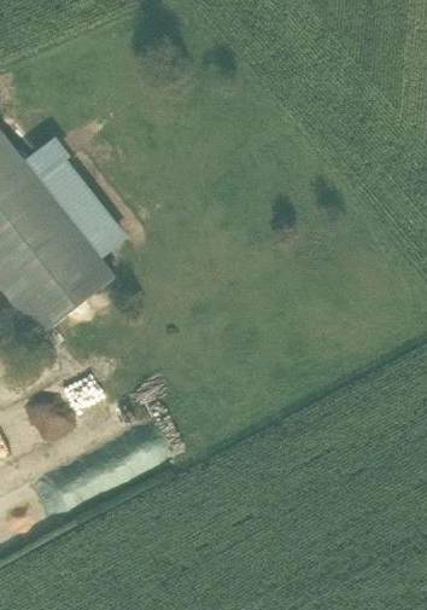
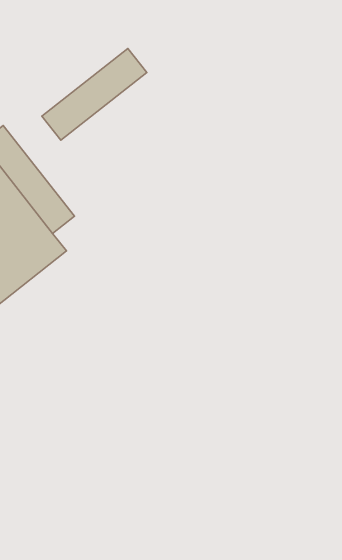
building: none -> [42,49,147,140]

